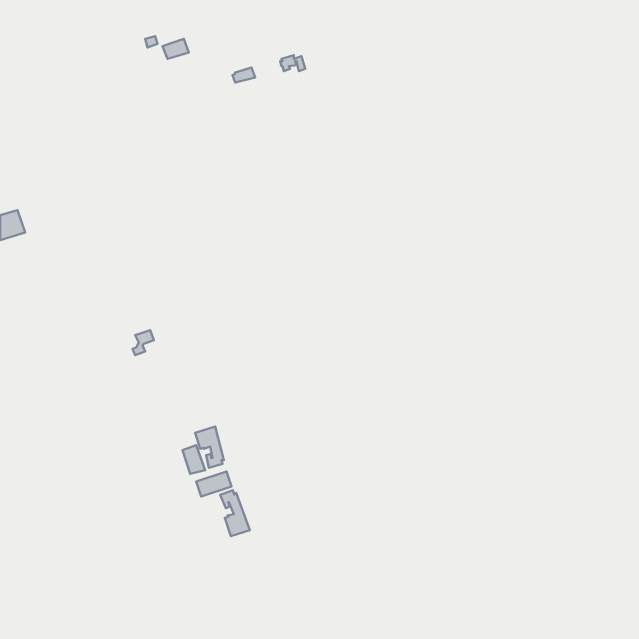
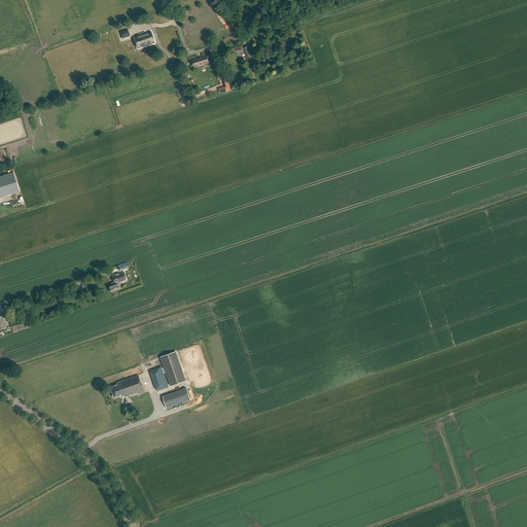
building: none -> [111,376,143,397]
building: [220,490,250,536] -> none

